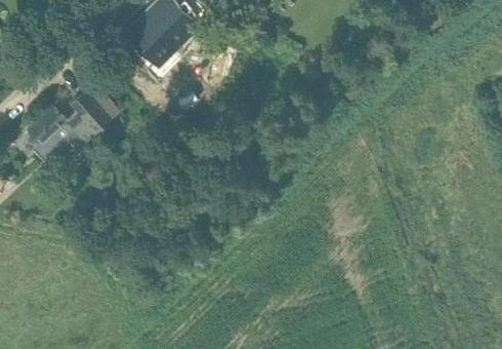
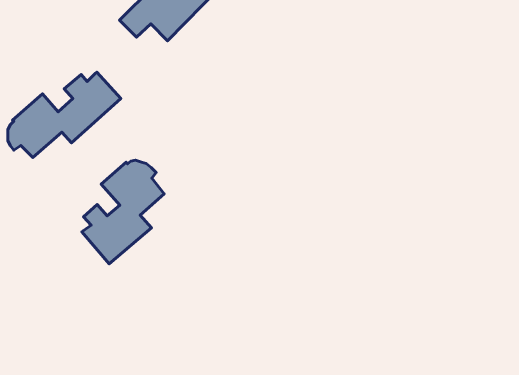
building: none -> [82,160,164,264]

